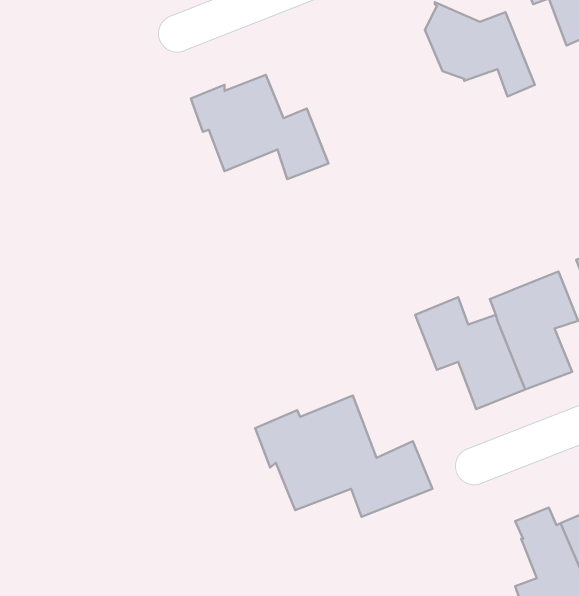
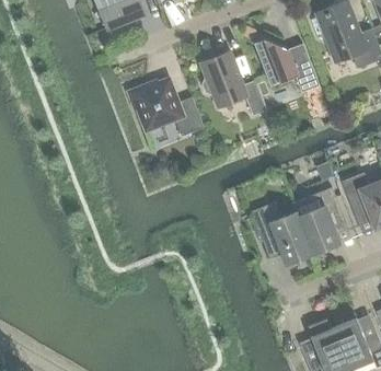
building: none -> [200,50,266,115]
building: [255,395,432,517] -> none

